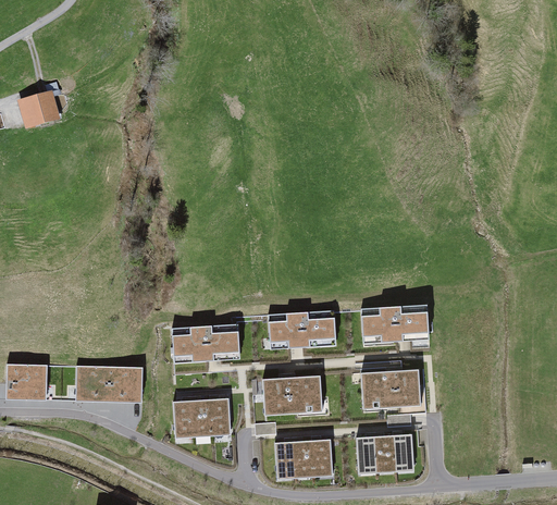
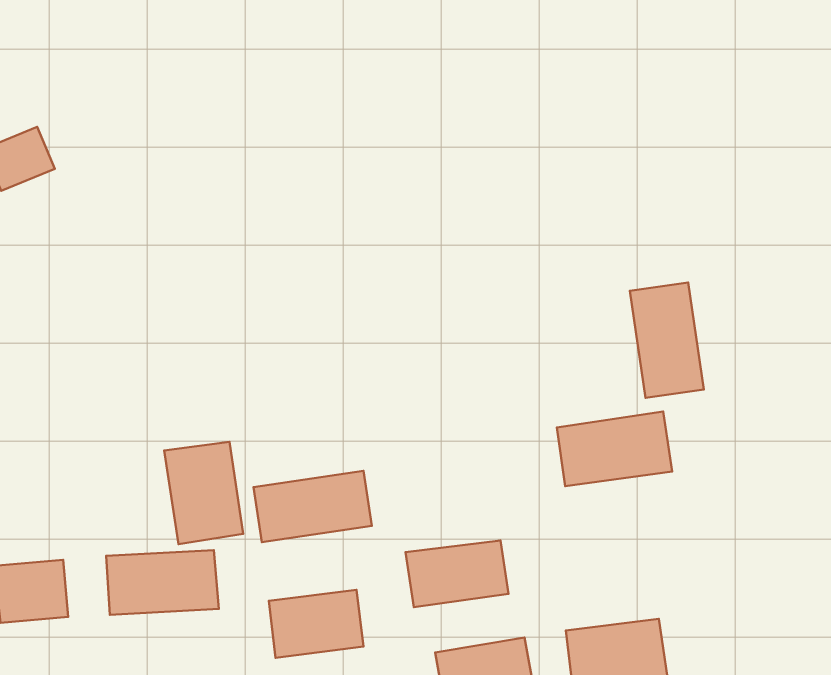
building: none -> [630,283,704,398]
building: none -> [164,442,243,544]
building: [267,312,337,348] -> none
building: [361,369,422,412] -> none

